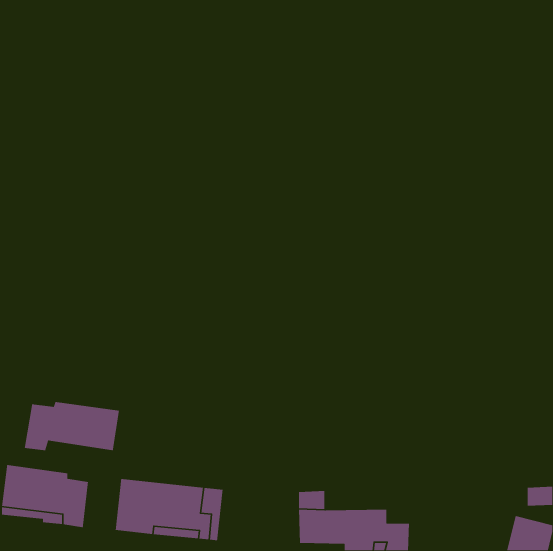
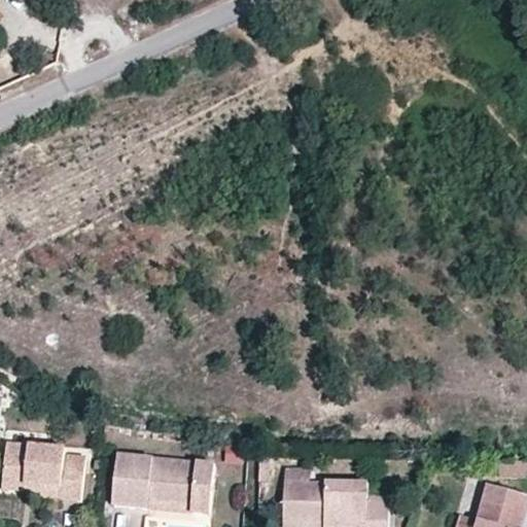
building: [24,401,120,451] -> none

